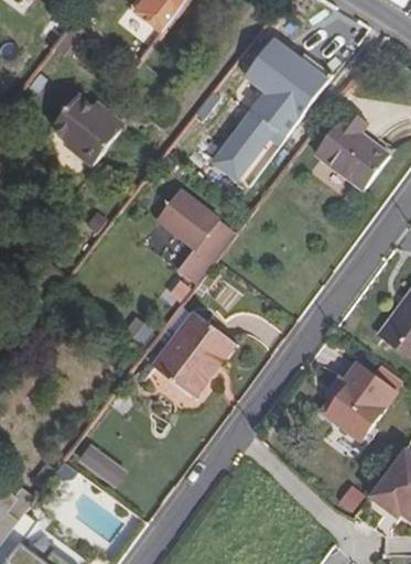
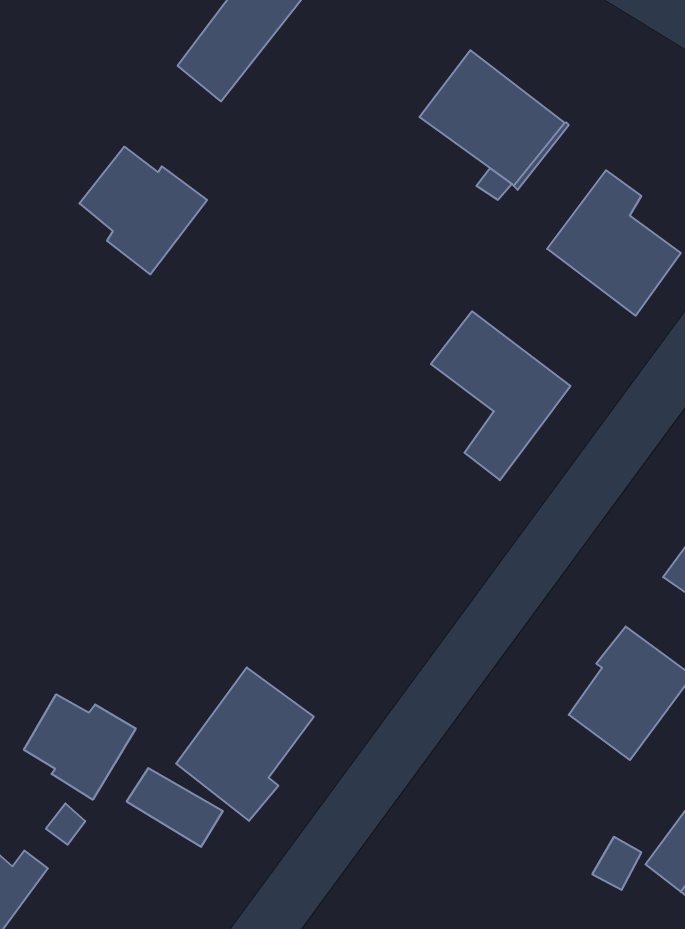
building: [223,126,266,172] -> none
building: [159,191,237,285] -> [431,311,571,480]
building: [153,312,230,398] -> [176,667,314,821]
building: none -> [24,694,136,800]

